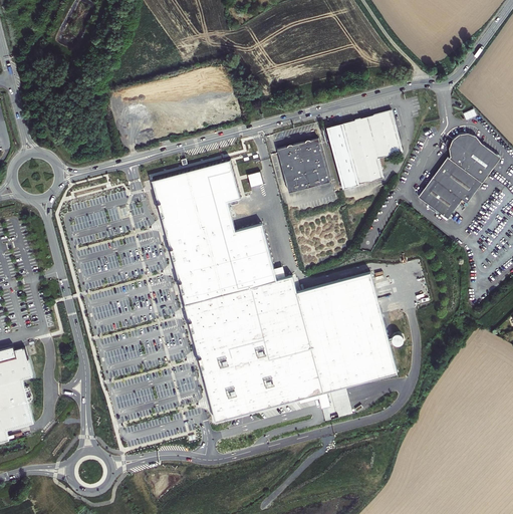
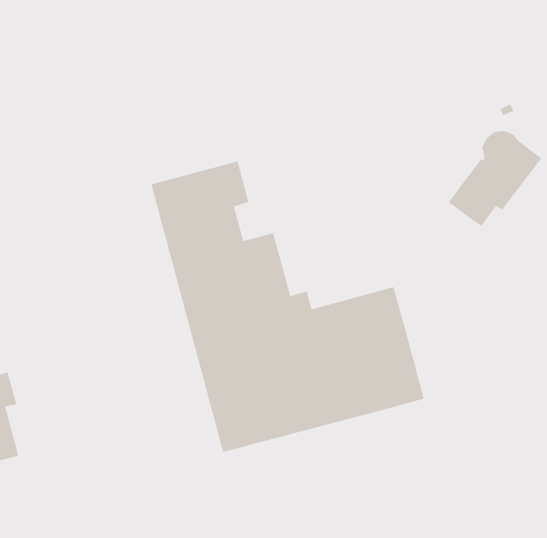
building: [325,110,402,189] -> none
building: [276,139,328,193] -> none

